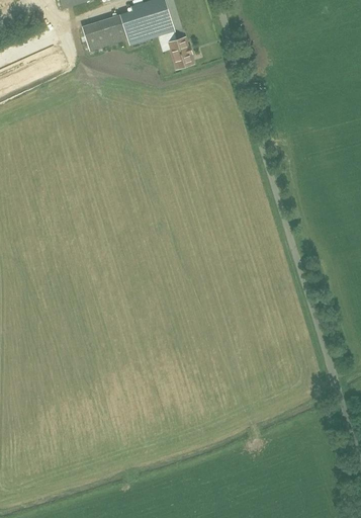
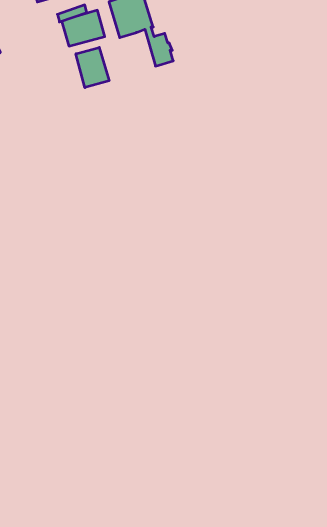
building: none -> [76,47,109,88]

